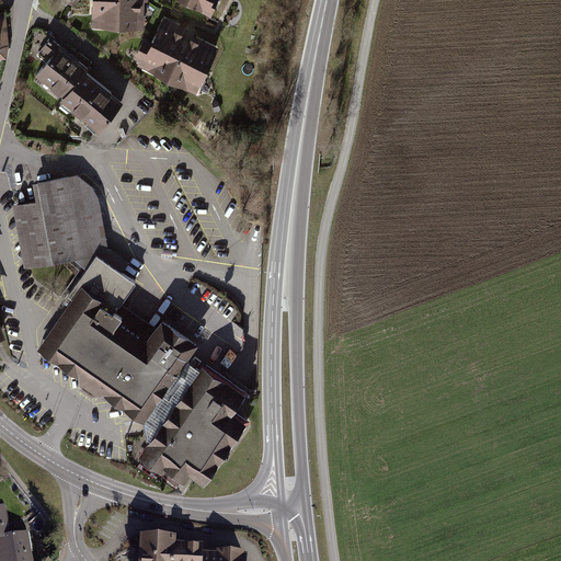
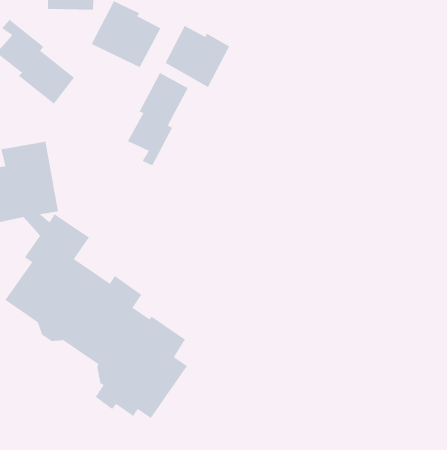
building: none -> [165,25,230,88]
building: none -> [127,72,188,166]

